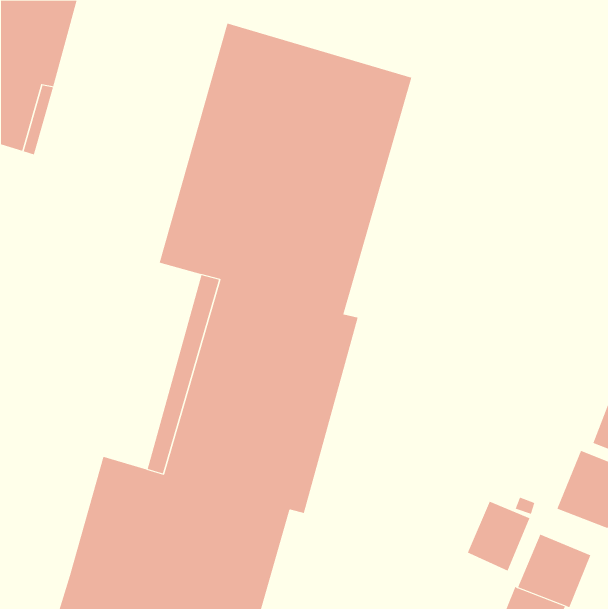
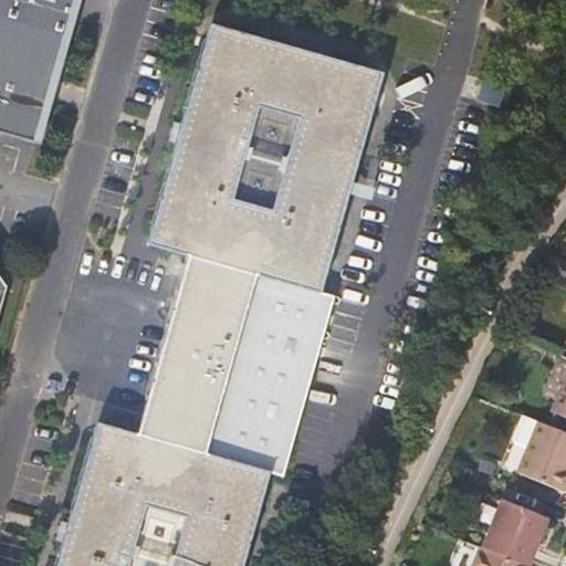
building: [467,501,530,571] -> none

